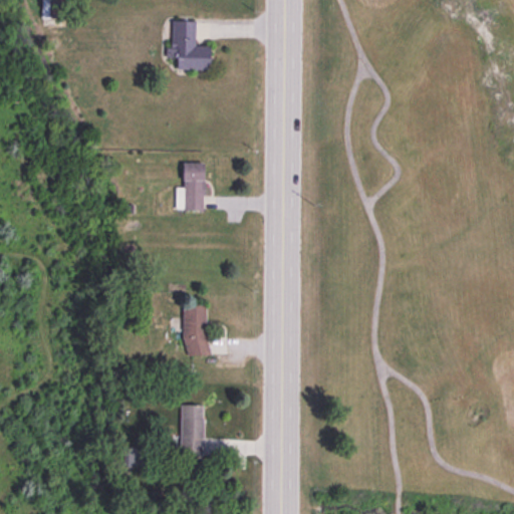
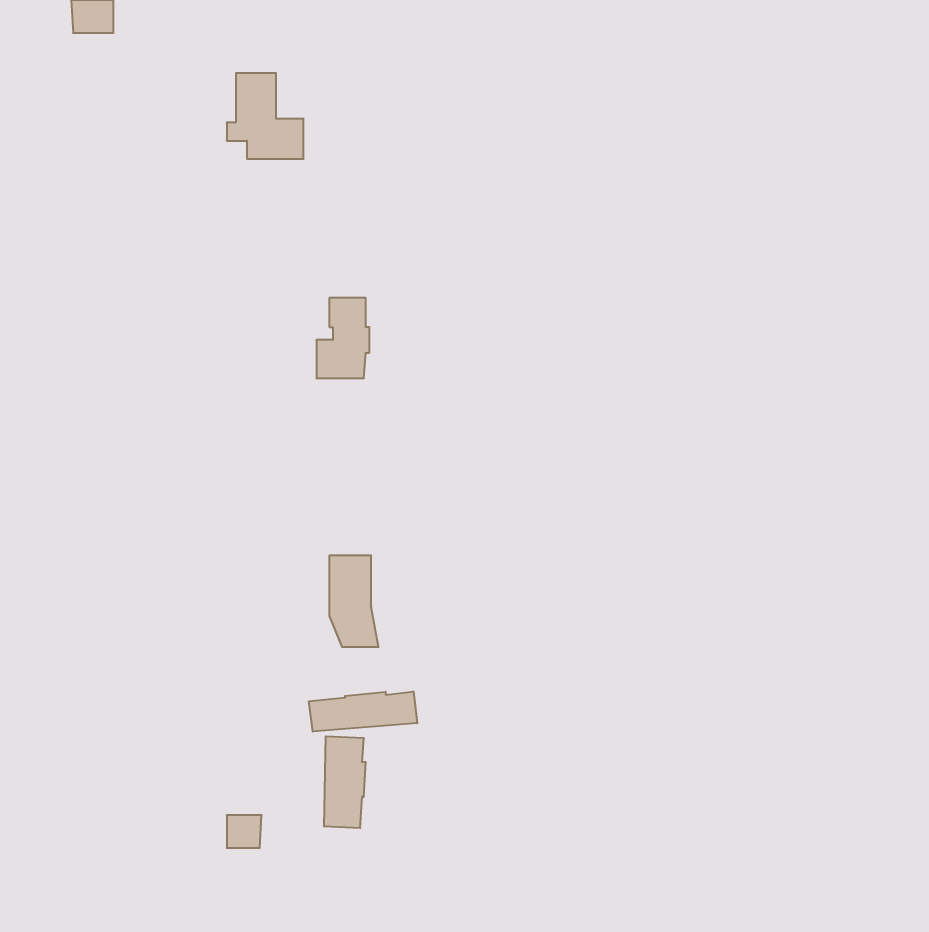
building: [168,21,210,68] -> [227,73,304,159]
building: none -> [309,691,417,732]

